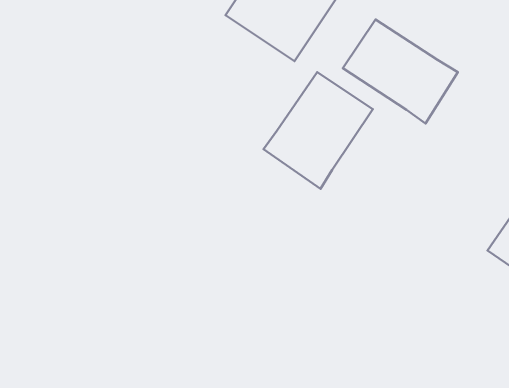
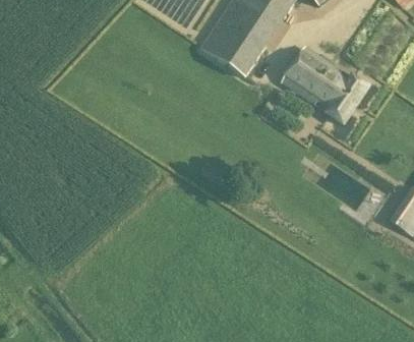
building: [263,72,373,189] -> none

